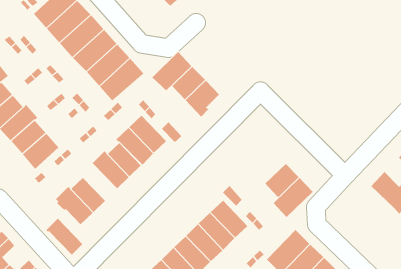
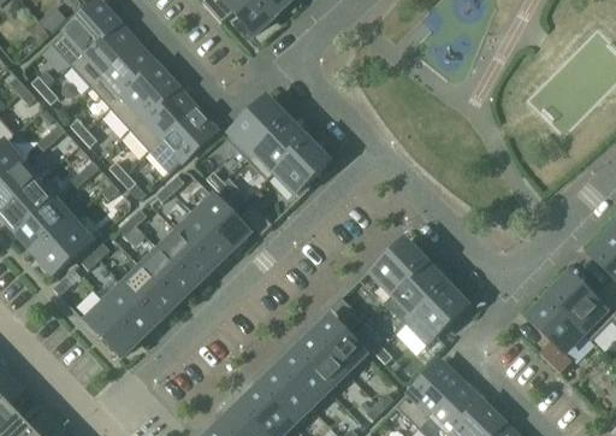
building: none -> [369,237,425,294]
building: none -> [529,297,585,372]
building: [46,218,83,255] -> [120,264,176,319]

